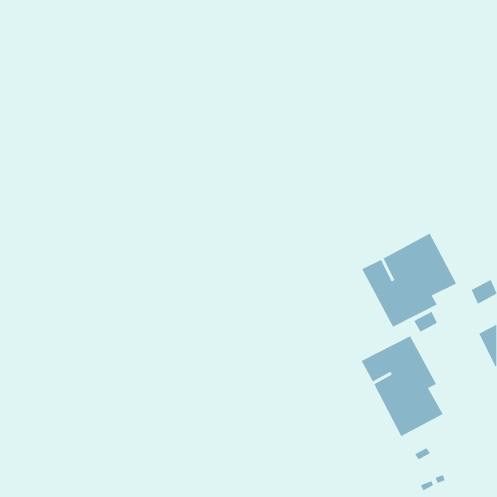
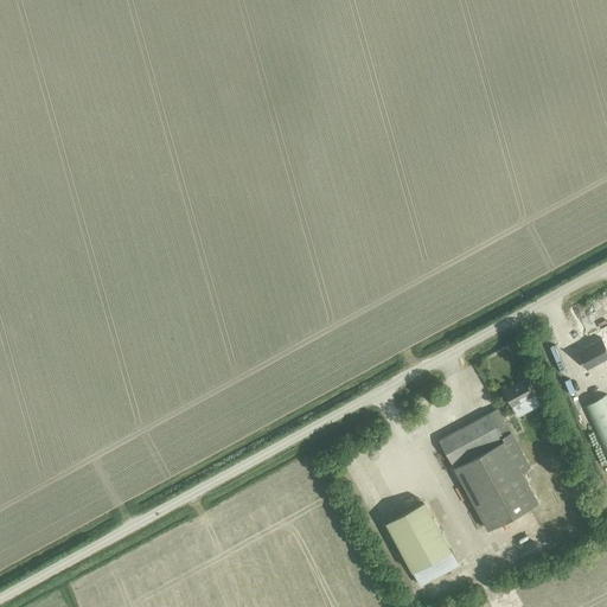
building: [361,233,457,328] -> none
building: none -> [383,505,456,584]

